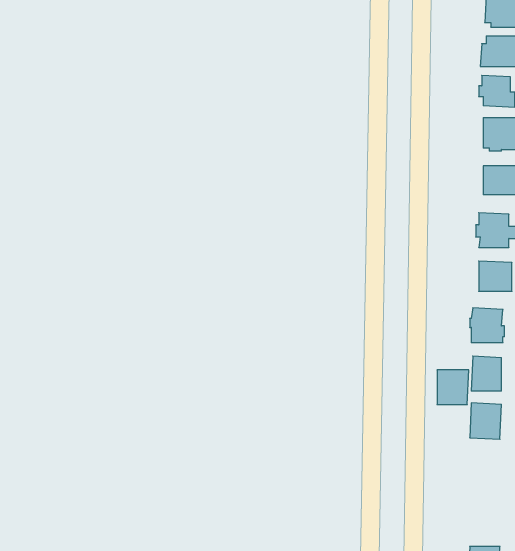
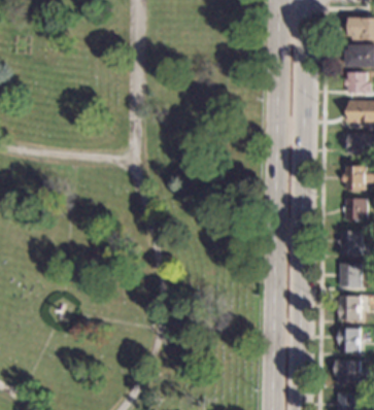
building: [437,370,469,405] -> [339,328,361,351]
building: none -> [335,361,366,385]

